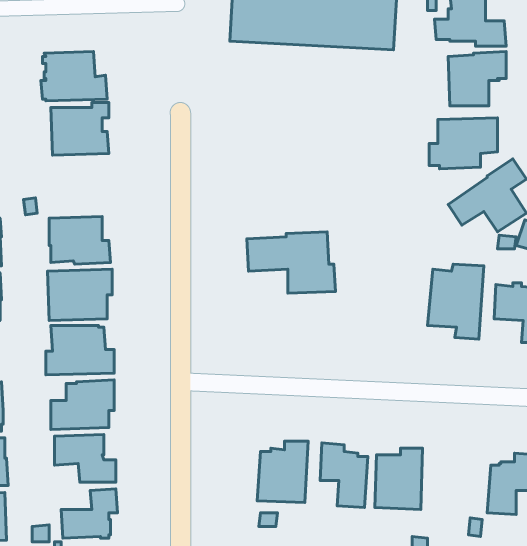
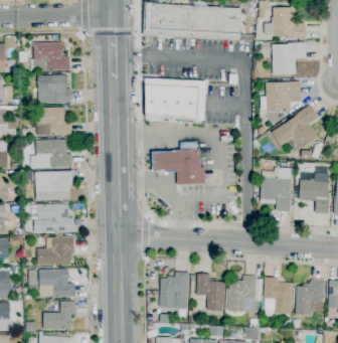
building: none -> [144,78,205,120]
building: none -> [35,107,71,135]
building: none -> [264,277,293,316]

